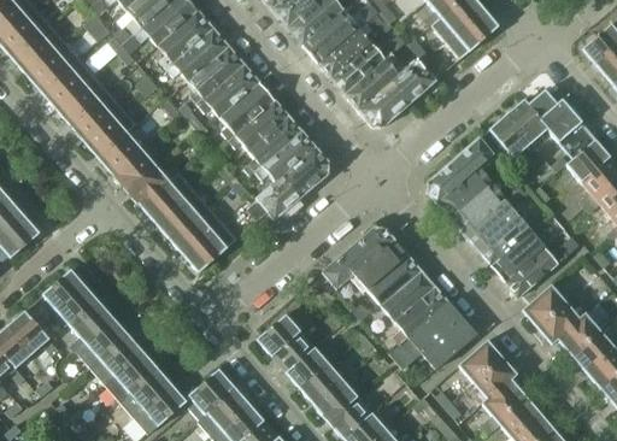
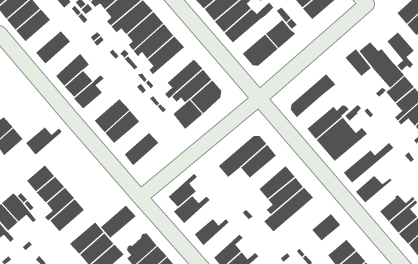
building: [345,53,399,108] -> none
building: [42,59,94,107] -> none
building: [71,90,123,141] -> none
building: [228,99,288,151] -> none
building: [490,114,531,172] -> [387,32,415,71]
building: [127,165,181,207] -> [25,127,63,156]
building: [437,167,492,218] -> none
building: [171,207,223,255] -> none
building: [493,225,546,282] -> none
building: [369,257,422,306] -> none
building: [537,293,582,343] -> none
building: [422,318,476,369] -> none
building: [274,322,317,372] -> [168,173,198,208]
building: [92,336,145,386] -> [100,205,137,239]
building: [474,358,517,398] -> none
building: [301,364,343,406] -> none

